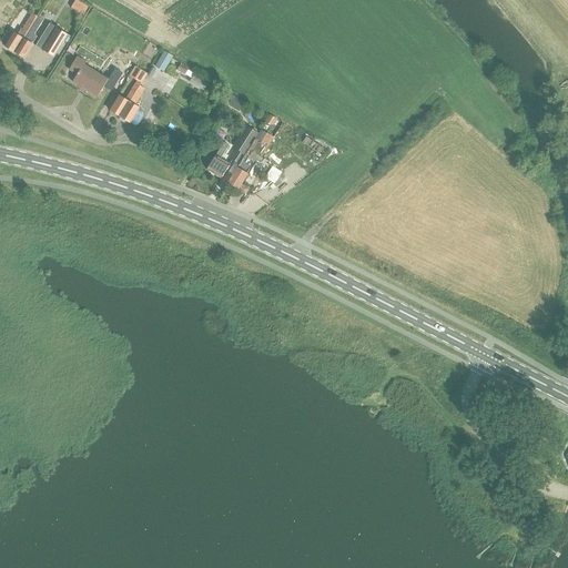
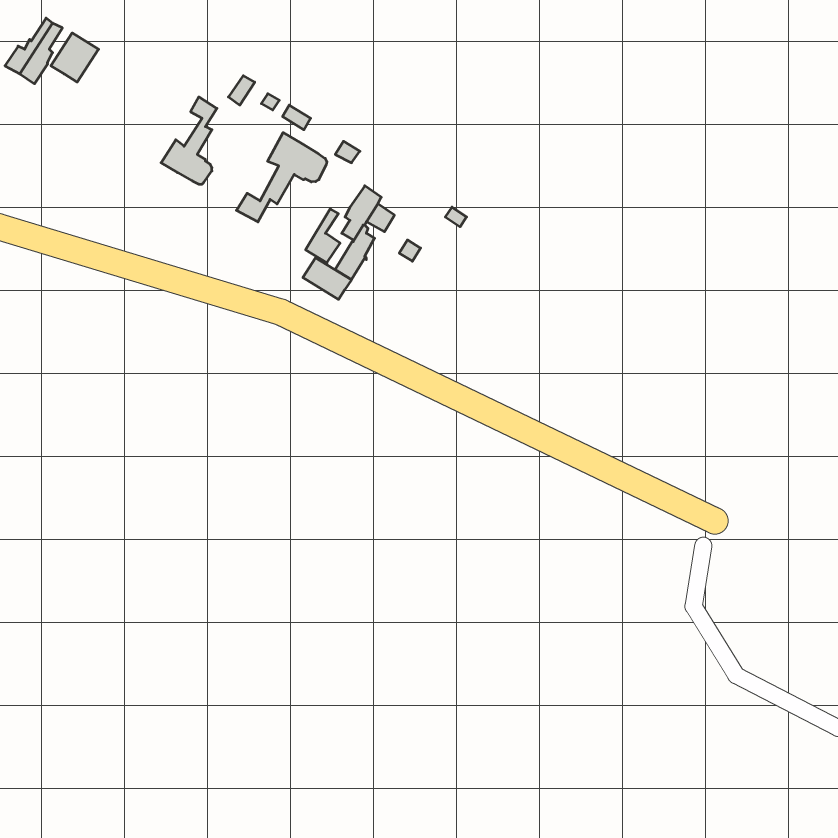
building: [69,55,108,97] -> none
building: none -> [236,133,327,222]
building: none -> [303,258,351,299]

